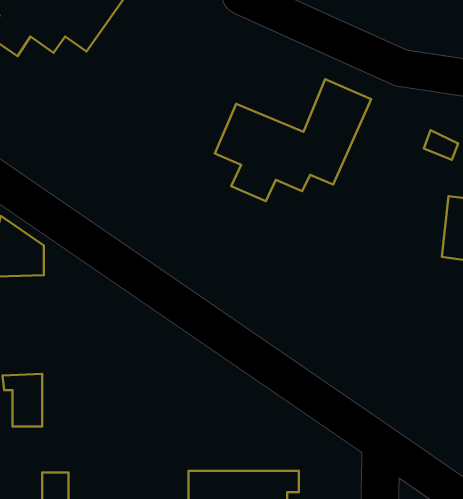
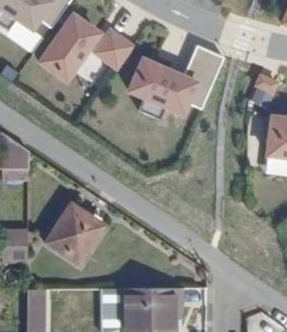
building: none -> [43,19,101,83]
building: none -> [97,33,135,72]
building: none -> [44,201,104,265]

